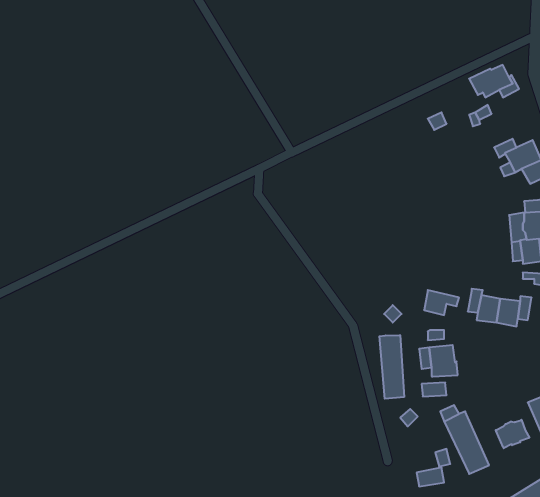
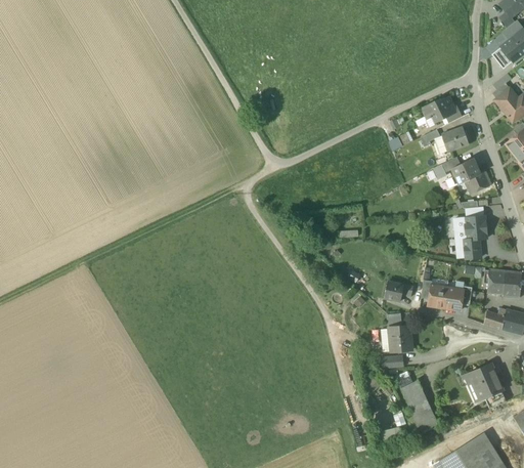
building: none -> [442,128,469,152]
building: [379,335,404,399] -> none
building: [496,420,529,448] -> none

